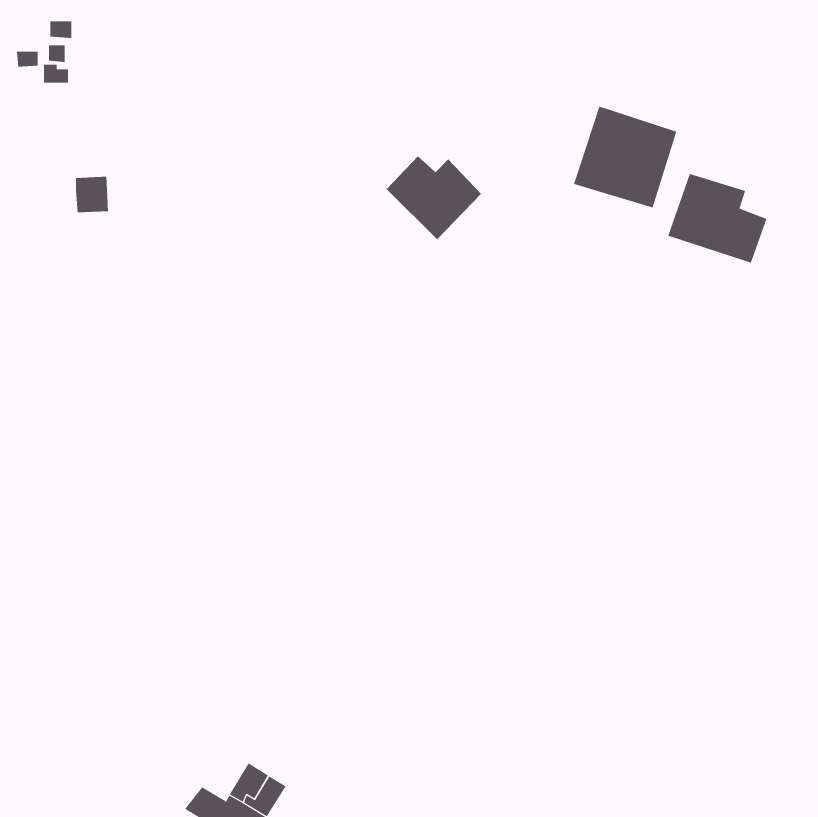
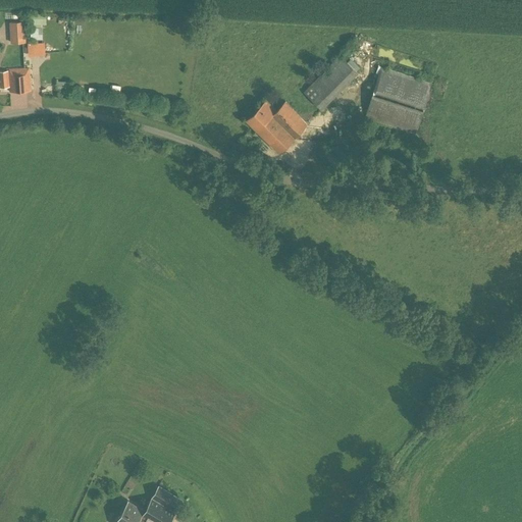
building: none -> [303,56,358,110]
building: [667,173,767,264] -> none
building: [75,176,109,213] -> [9,69,31,93]

